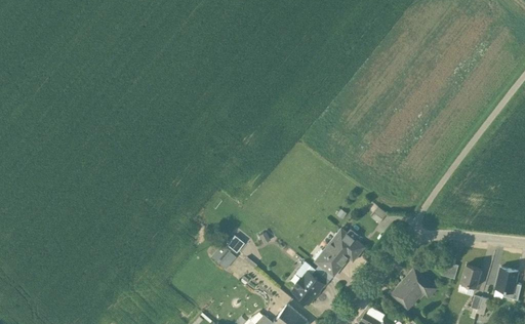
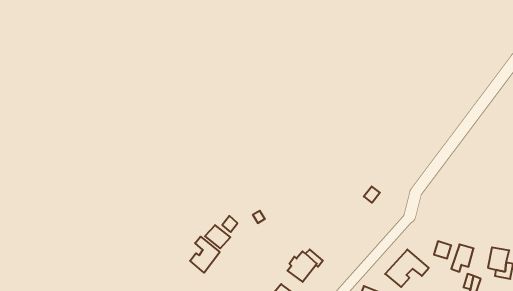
building: [316,229,364,276] -> none
building: none -> [190,237,220,273]

